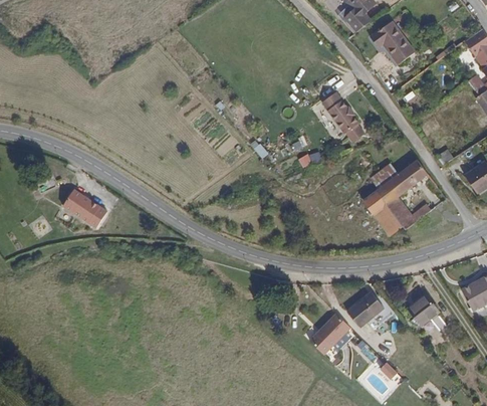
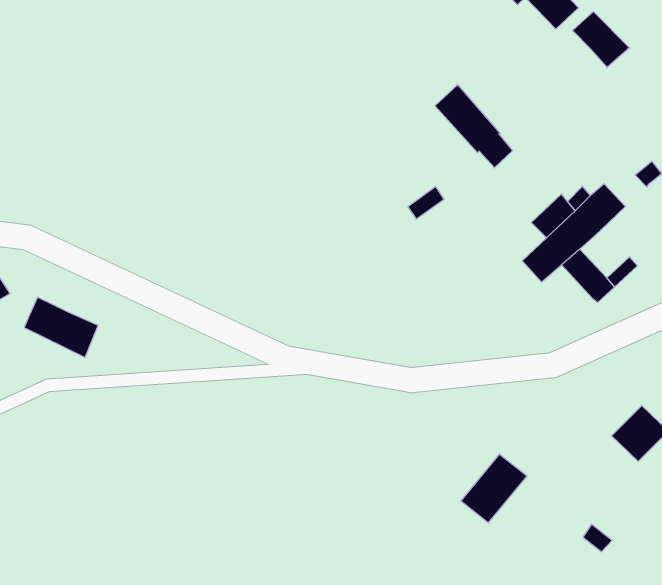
building: none -> [572,11,630,68]
building: [374,205,403,237] -> none
building: [346,289,385,327] -> none

